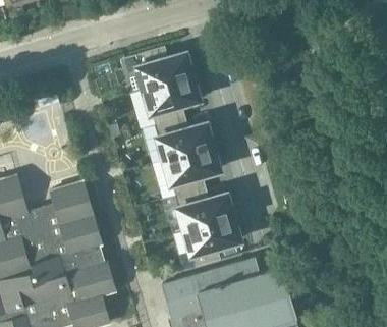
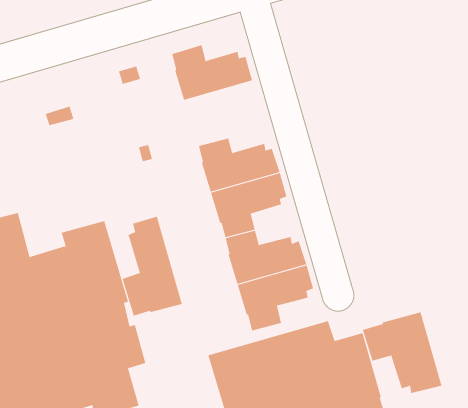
building: [143,74,202,124] -> none
building: none -> [122,216,182,317]
building: none -> [362,312,442,394]

